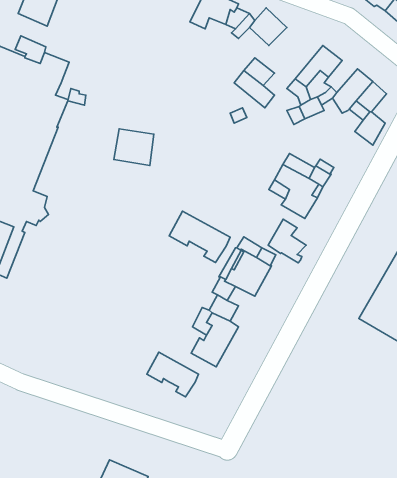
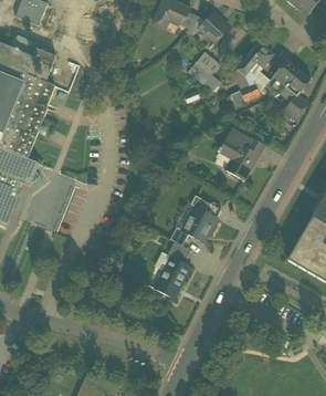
building: [114,129,154,166] -> none
building: [169,211,230,262] -> none
building: [268,219,306,263] -> none
building: [147,352,199,397] -> none

